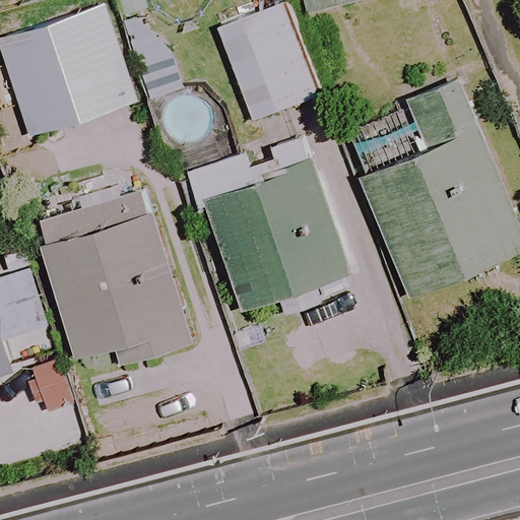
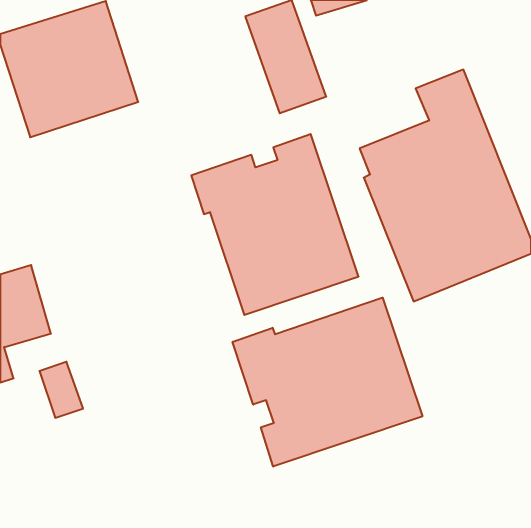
building: [43,212,193,364] -> none
building: none -> [233,298,422,467]

